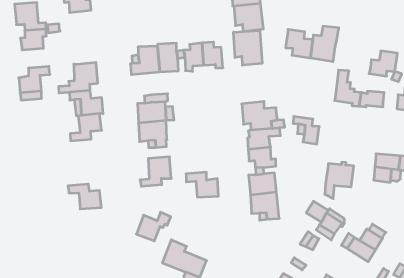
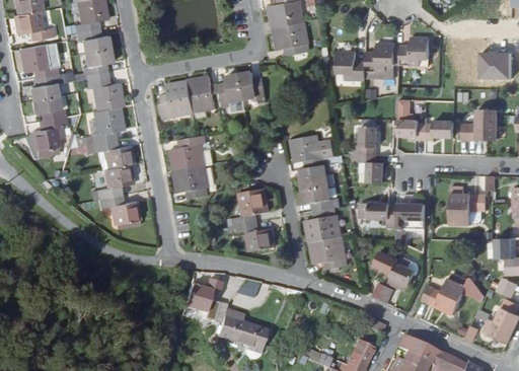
building: none -> [82,52,112,80]
building: [234,30,262,65] -> none
building: none -> [85,82,123,116]
building: none -> [33,100,66,125]
building: [369,51,397,76] -> [398,42,429,70]
building: none -> [352,126,375,154]
building: [140,157,171,186] -> [232,194,268,230]
building: none -> [360,203,396,227]
building: [68,184,101,209] -> [98,200,139,229]

